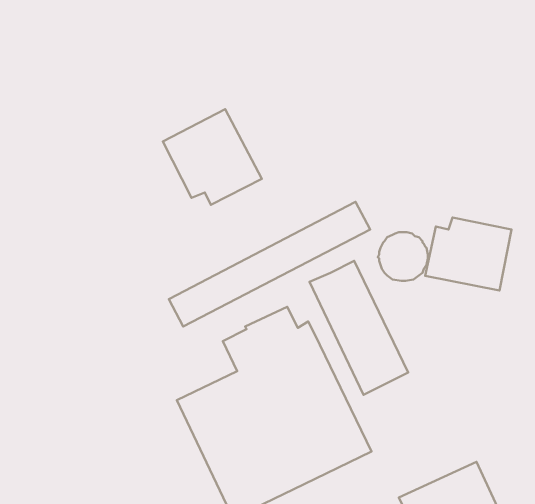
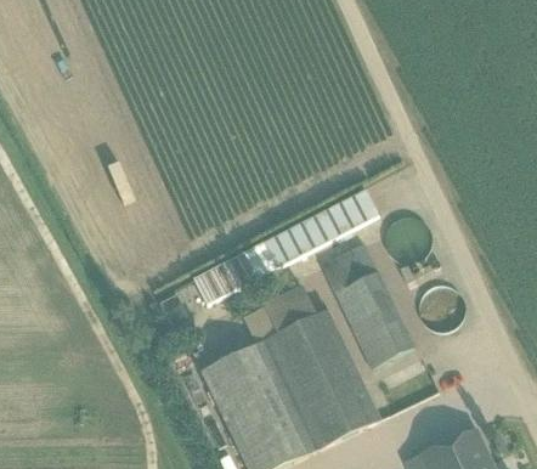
building: [163,109,262,205] -> none
building: [425,218,512,290] -> none

